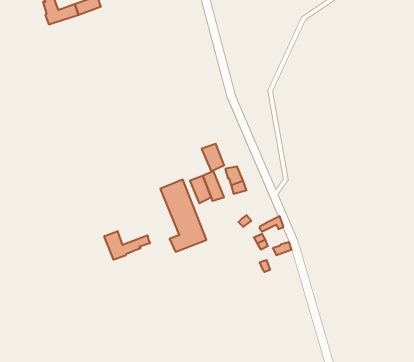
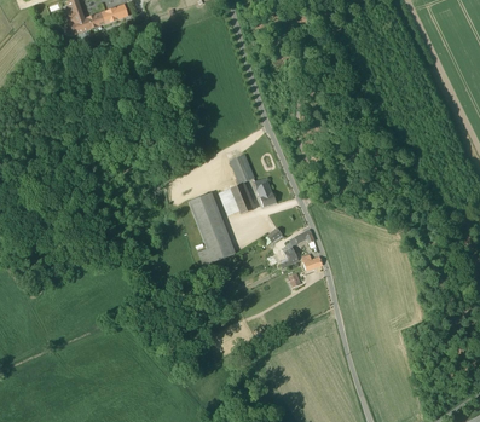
building: [104,231,150,260] -> none

